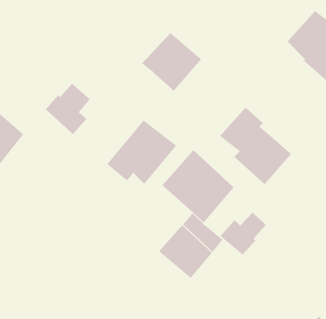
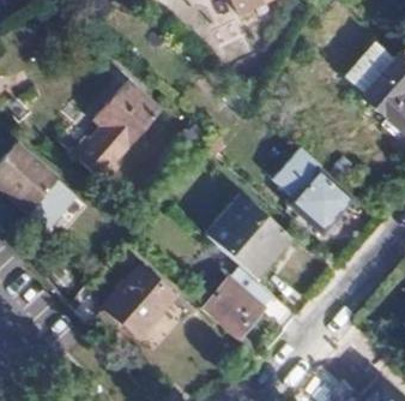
building: [141,32,202,92] -> [97,77,164,143]
building: [106,120,177,185] -> [91,269,169,341]
building: [219,212,267,256] -> none

